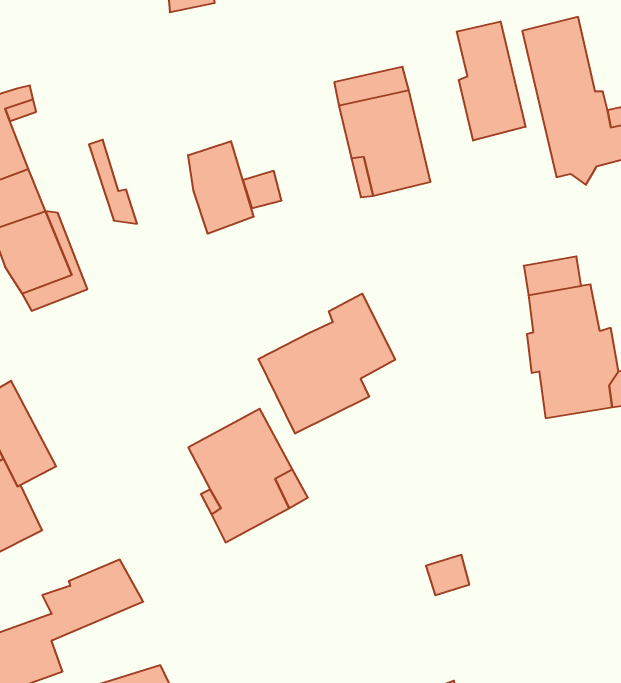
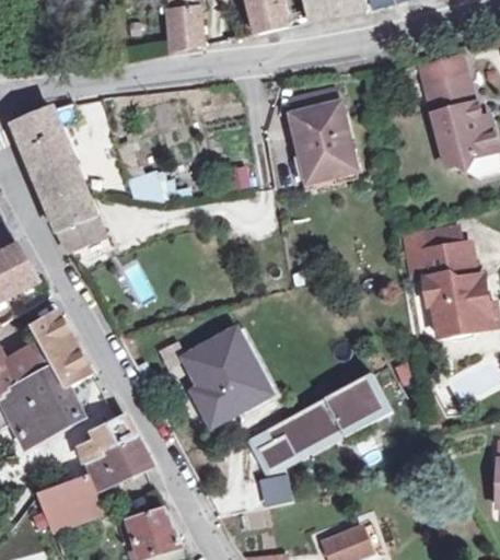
building: [457,21,526,141] -> none
building: [188,141,254,234] -> none
building: [259,294,395,434] -> none
building: none -> [241,375,386,509]
building: none -> [78,413,136,460]

